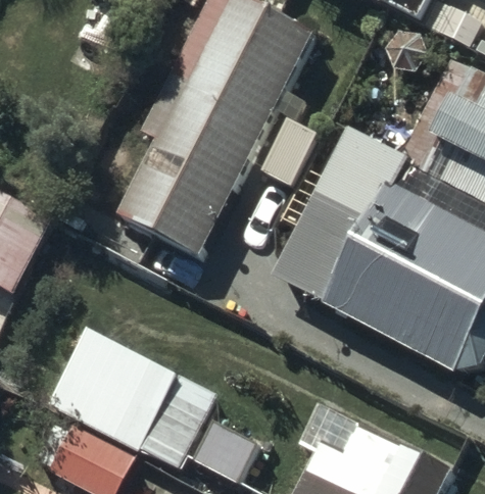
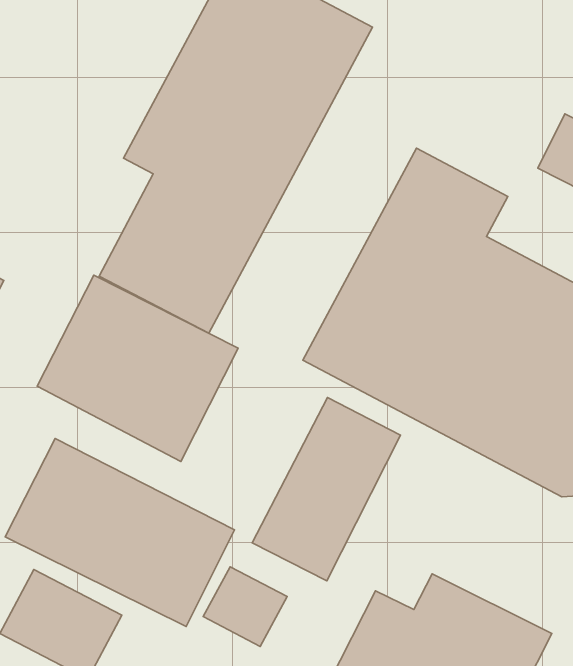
building: none -> [37,275,238,461]
building: none -> [252,397,401,581]

